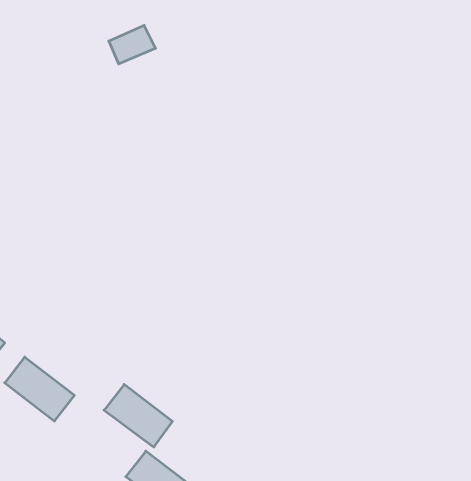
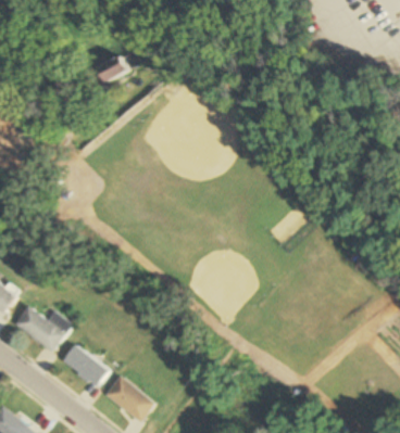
building: [104,384,172,447] -> [58,341,110,389]

